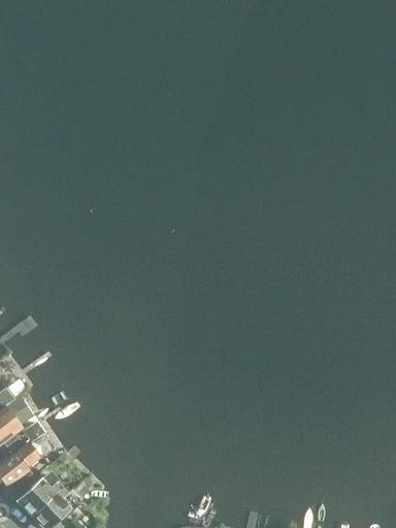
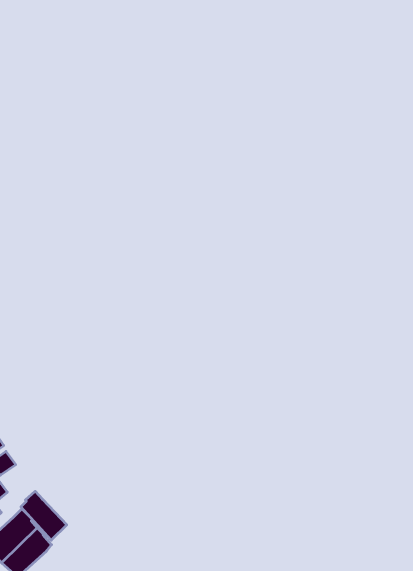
building: none -> [21,491,67,540]

